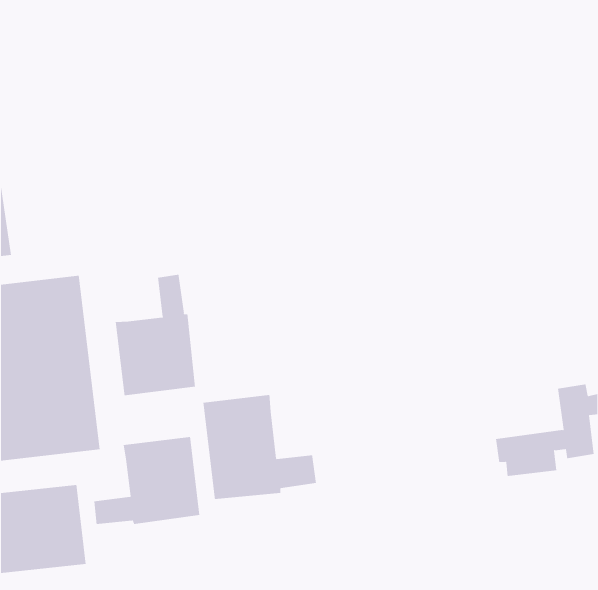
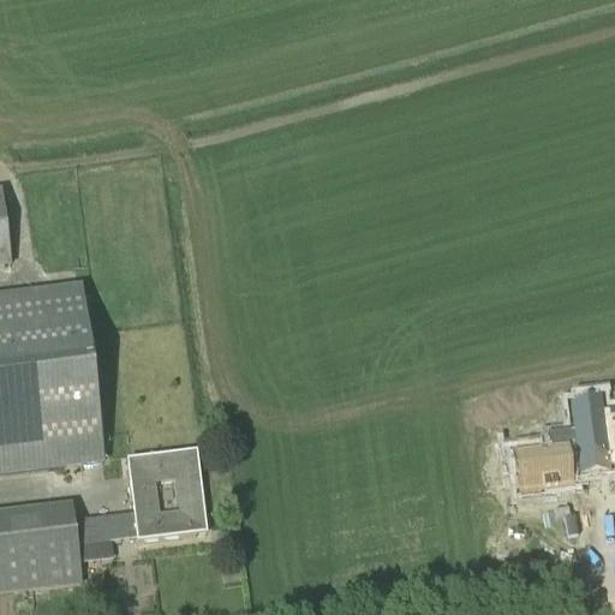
building: [115,274,195,396] -> none
building: [203,394,317,500] -> none

